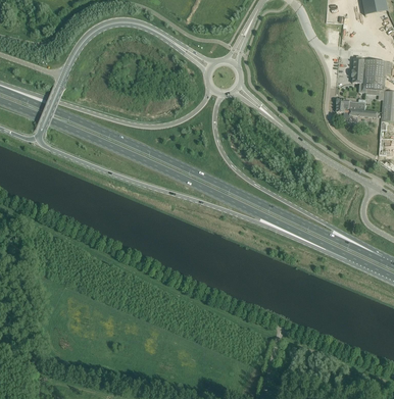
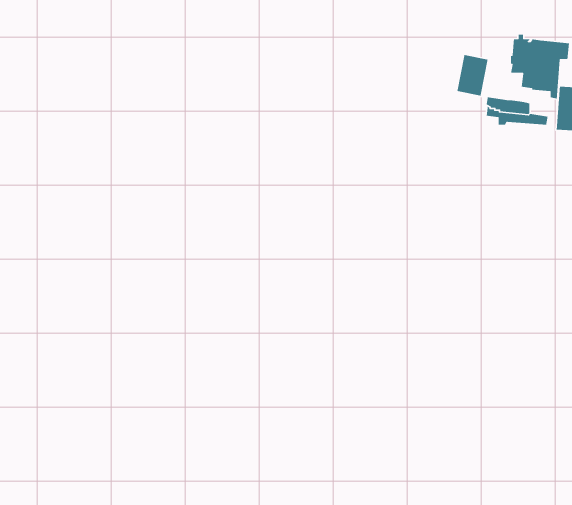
building: none -> [456,54,489,96]

